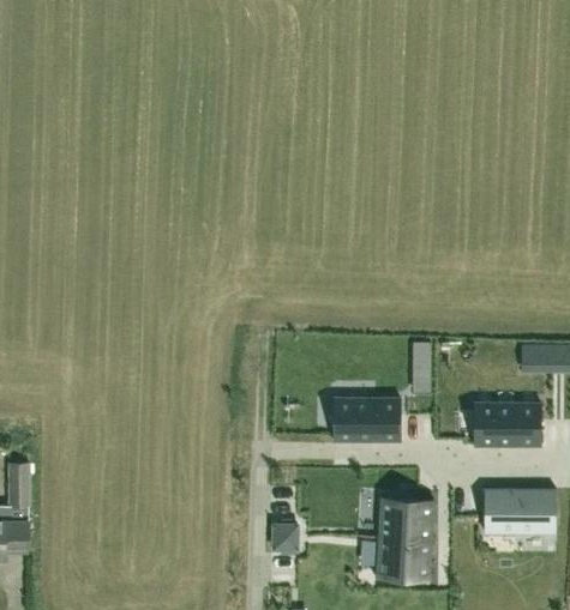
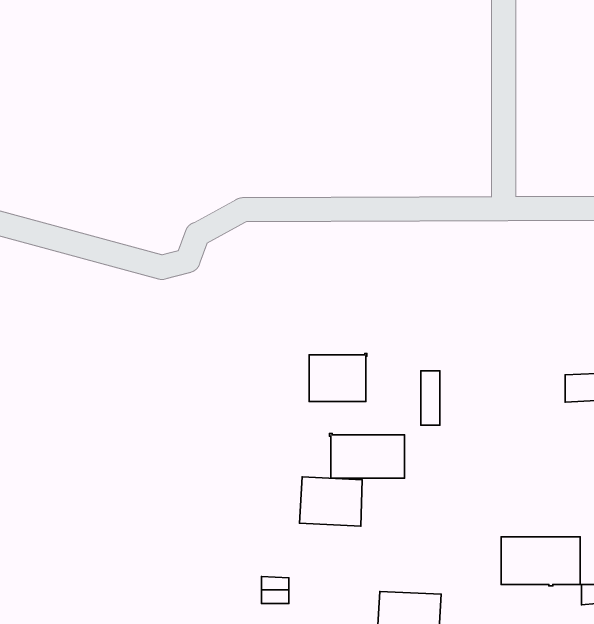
building: none -> [309,353,367,401]
building: [474,404,540,443] -> none
building: [378,497,433,540] -> [299,477,362,526]

